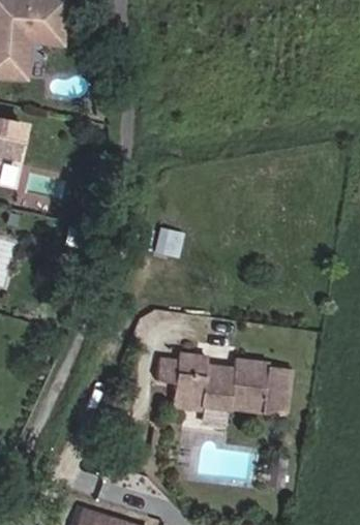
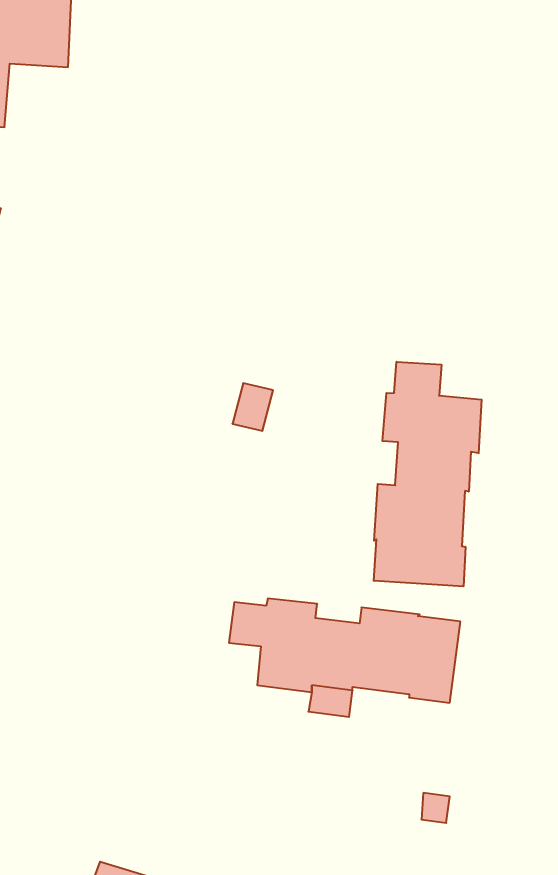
building: none -> [374,362,482,586]

